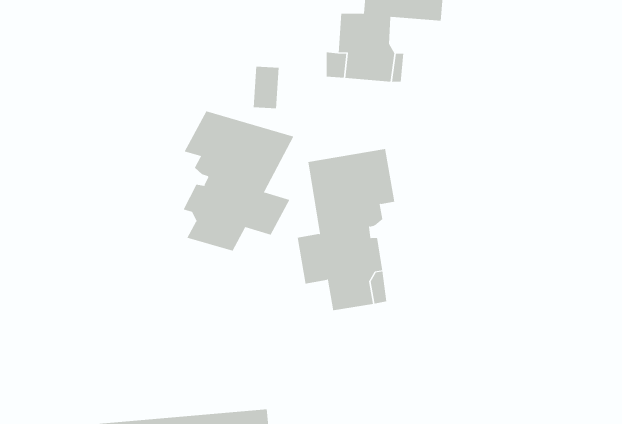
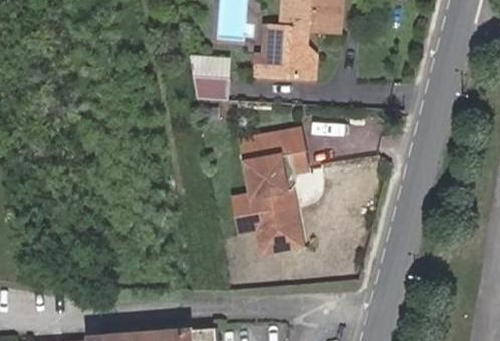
building: [183,111,294,252] -> none

